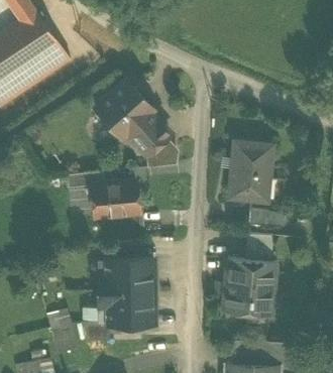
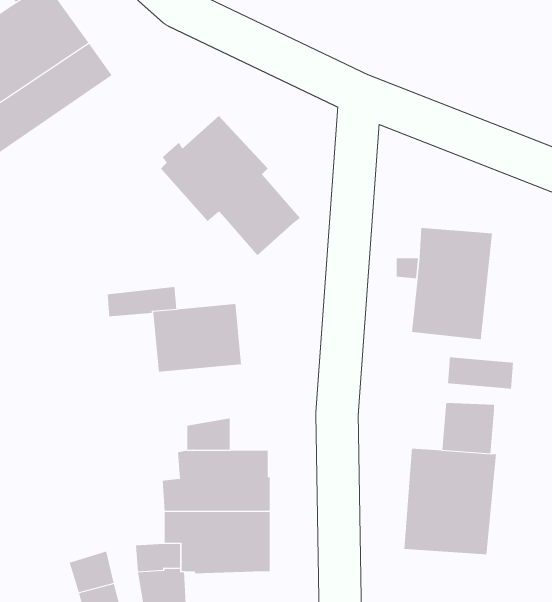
building: [147,140,177,169] -> none

